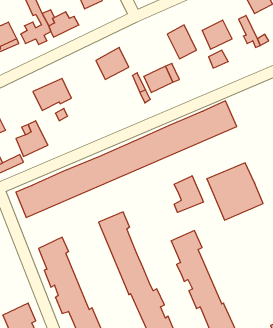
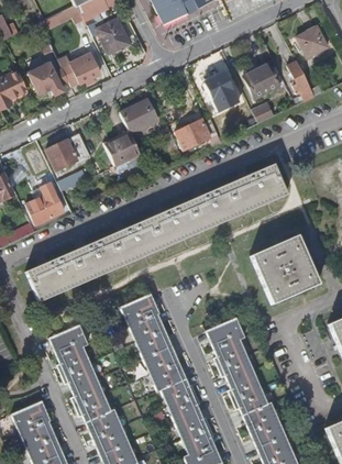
building: none -> [104,135,140,168]
building: [174,176,203,212] -> none

